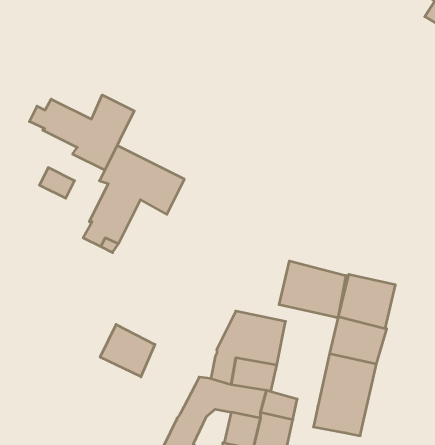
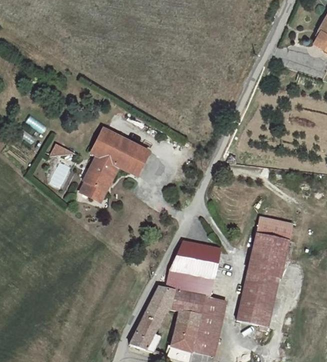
building: [29,95,134,170] -> none
building: [279,261,346,318] -> none
building: [100,324,155,377] -> none

